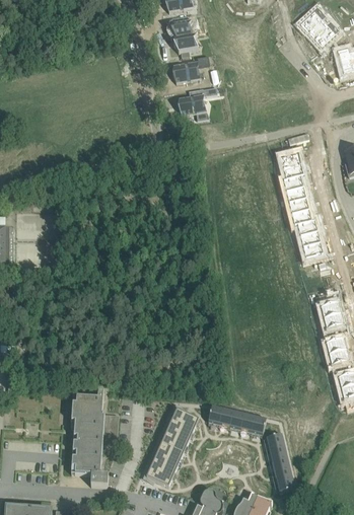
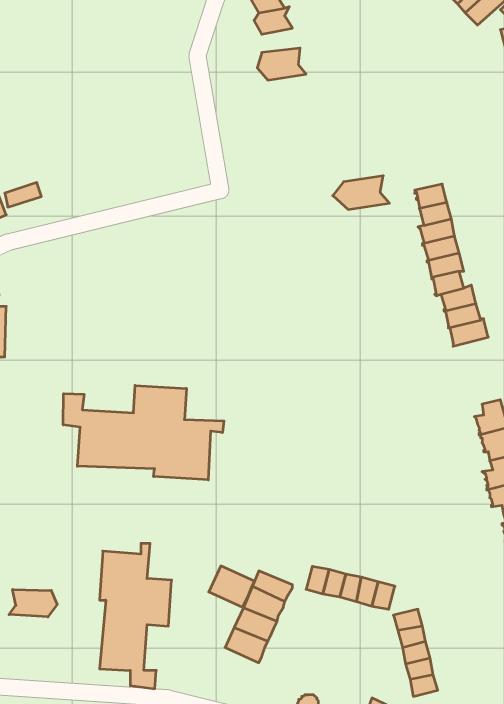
building: [178,90,215,113] -> [333,176,389,209]
building: none -> [63,385,224,480]
building: none -> [9,589,57,617]
building: [145,458,175,486] -> [209,566,255,607]

